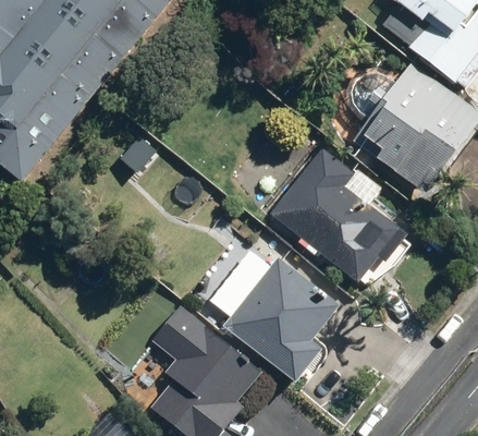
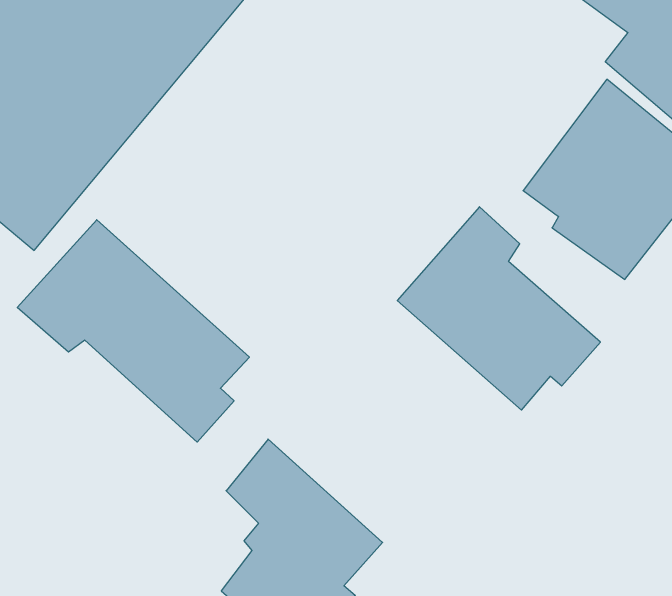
building: none -> [17,220,249,442]
building: [218,255,338,385] -> none

